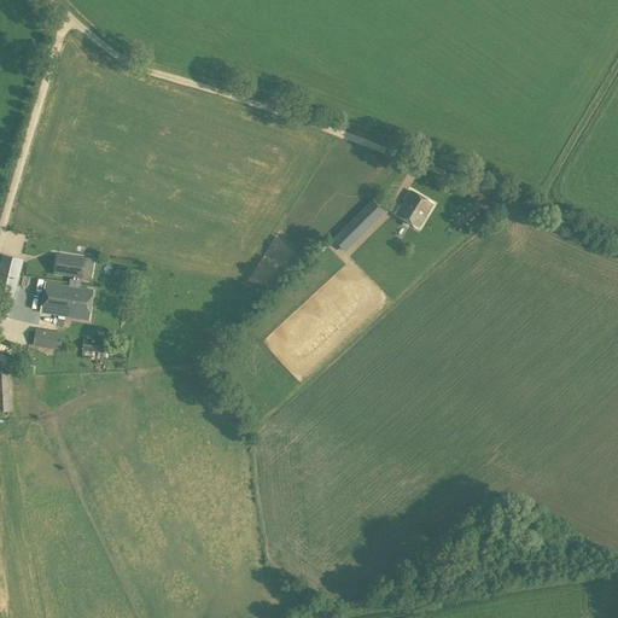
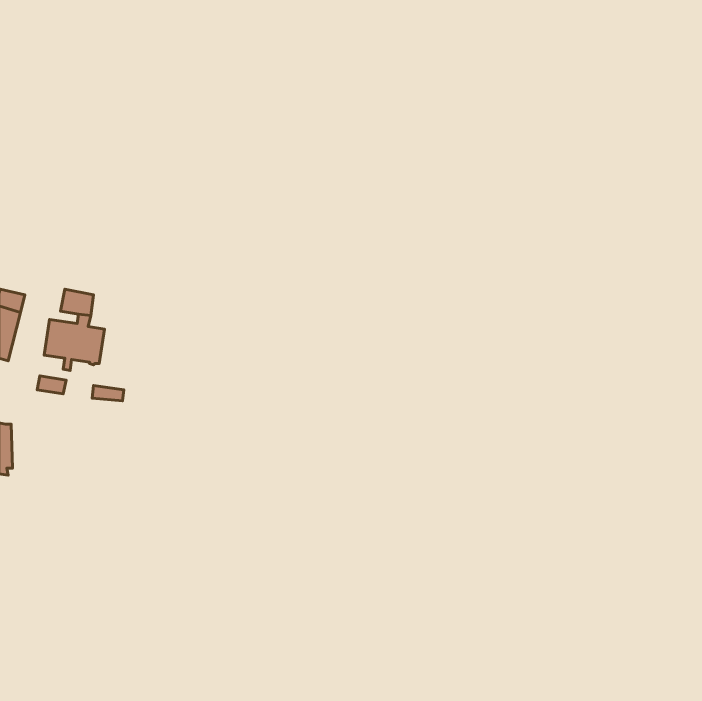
building: [395,190,431,227] -> none
building: [330,199,381,250] -> none

